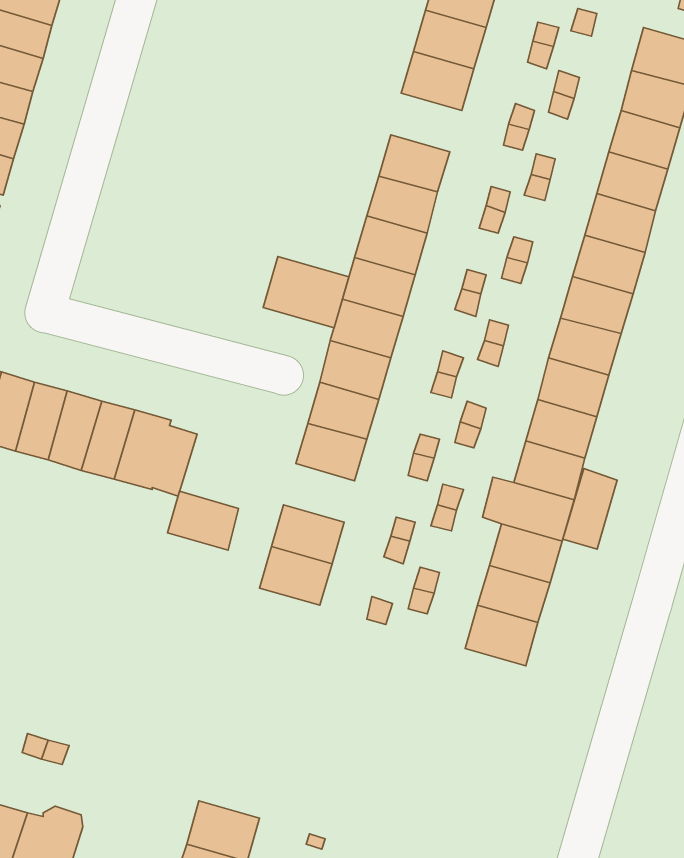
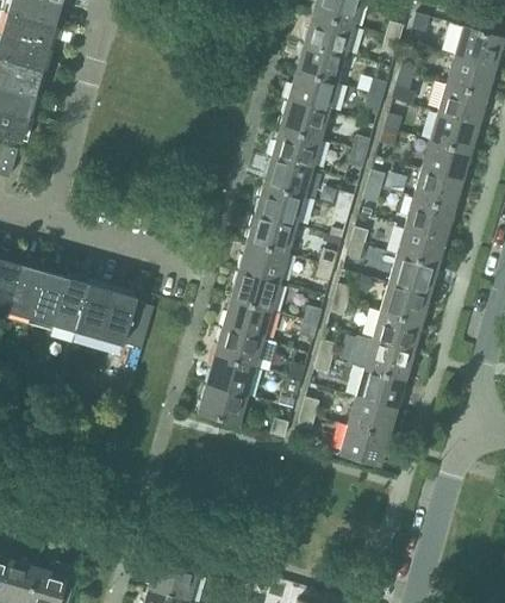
building: none -> [288,73,337,113]
building: [263,256,349,328] -> none
building: [563,468,617,549] -> none
building: [167,491,238,550] -> [214,328,263,368]

